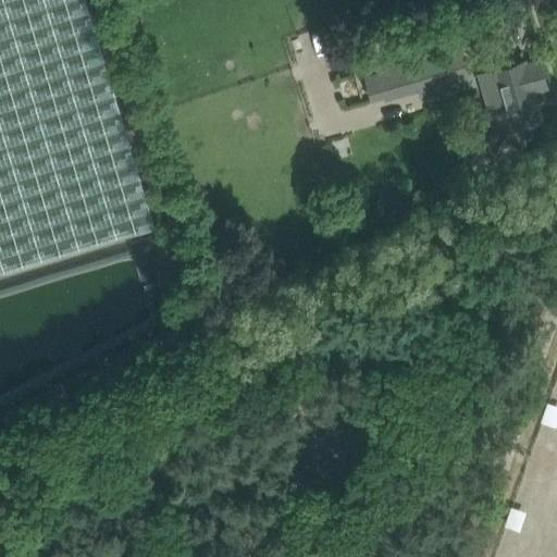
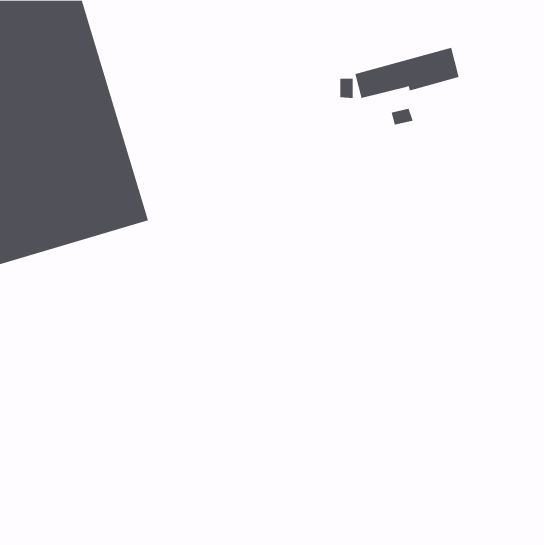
building: [487,62,543,162] -> none

